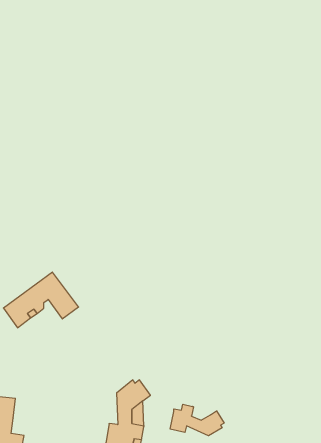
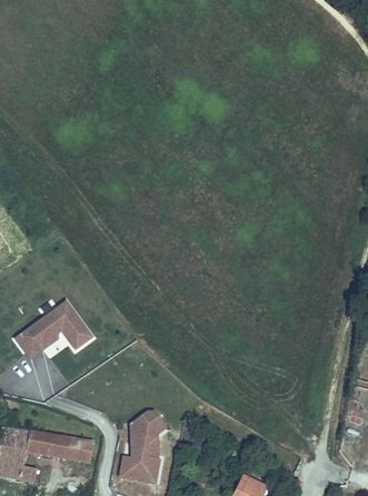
building: none -> [26,429,92,460]
building: [170,404,224,436] -> none

